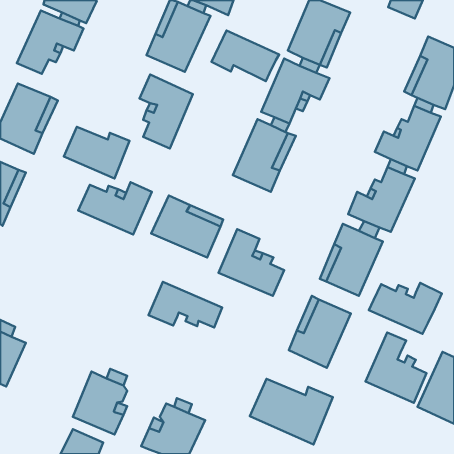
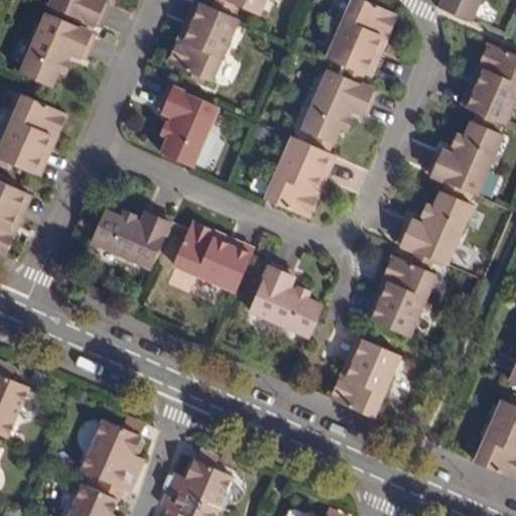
building: [211,30,279,81] -> none
building: [64,127,130,179] -> none
building: [149,282,222,327] -> none
building: [369,283,442,334] -> none
building: [366,333,427,403] -> none
building: [250,379,333,444] -> none

